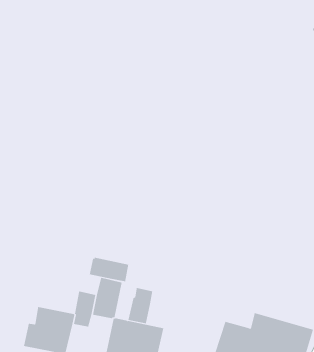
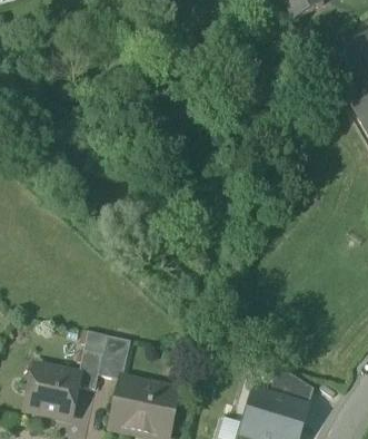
building: [89,257,129,282] -> none
building: [128,287,153,324] -> none

